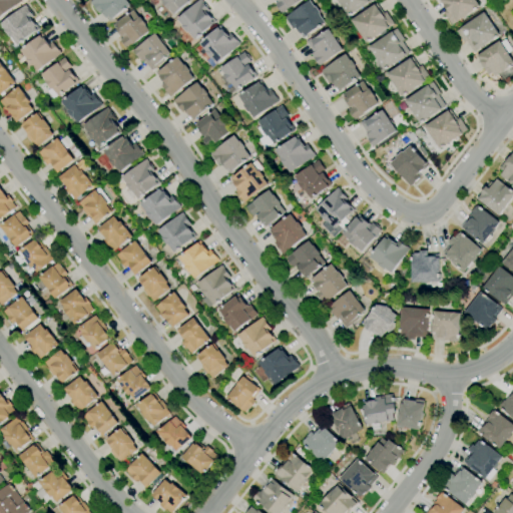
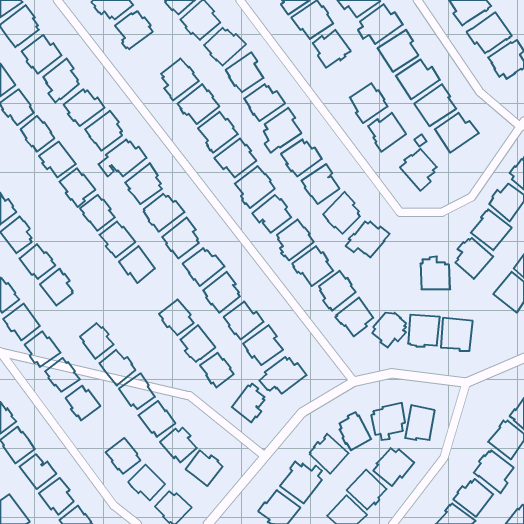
building: [133,34,170,70] -> none
building: [320,54,361,92] -> none
building: [370,237,409,274] -> none
building: [137,268,170,303] -> none
building: [60,289,94,325] -> none
building: [464,292,502,330] -> none
building: [82,402,118,437] -> none

